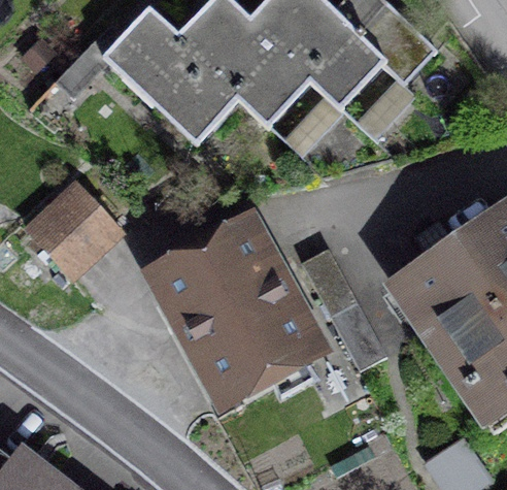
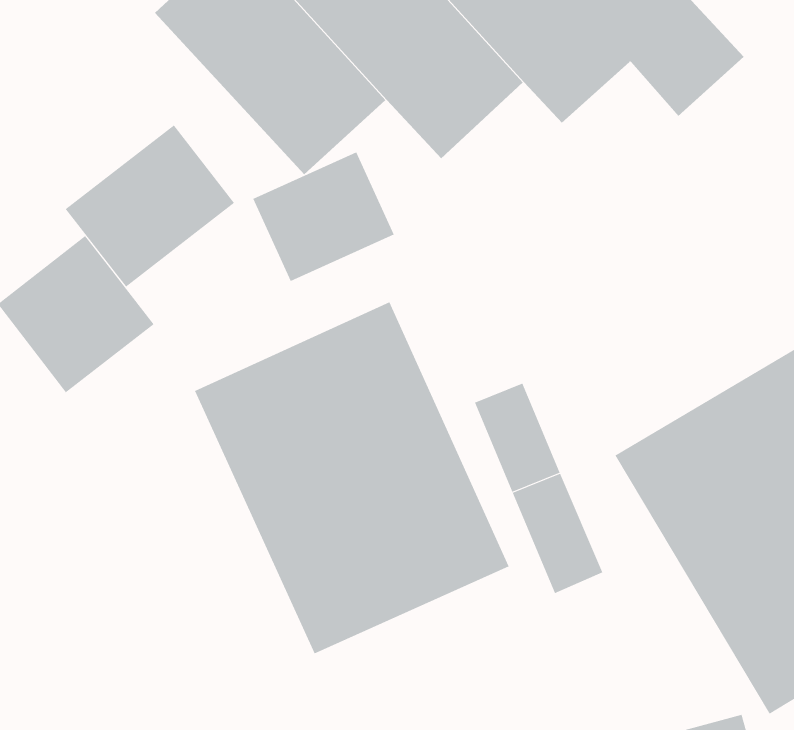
building: none -> [65,124,235,288]
building: none -> [253,151,394,282]

